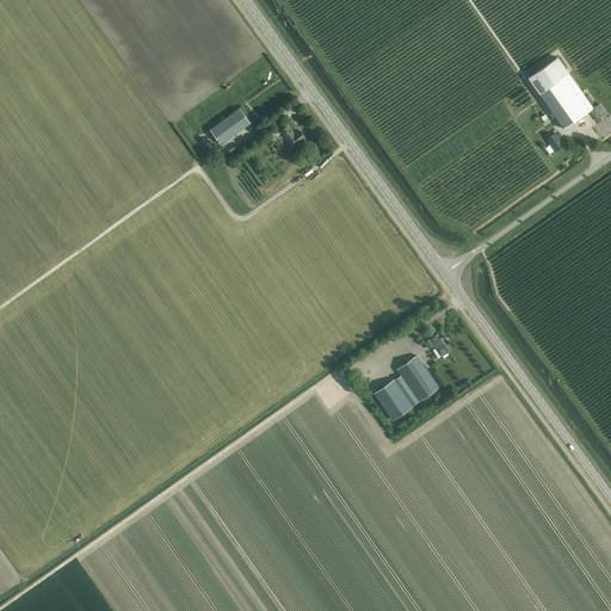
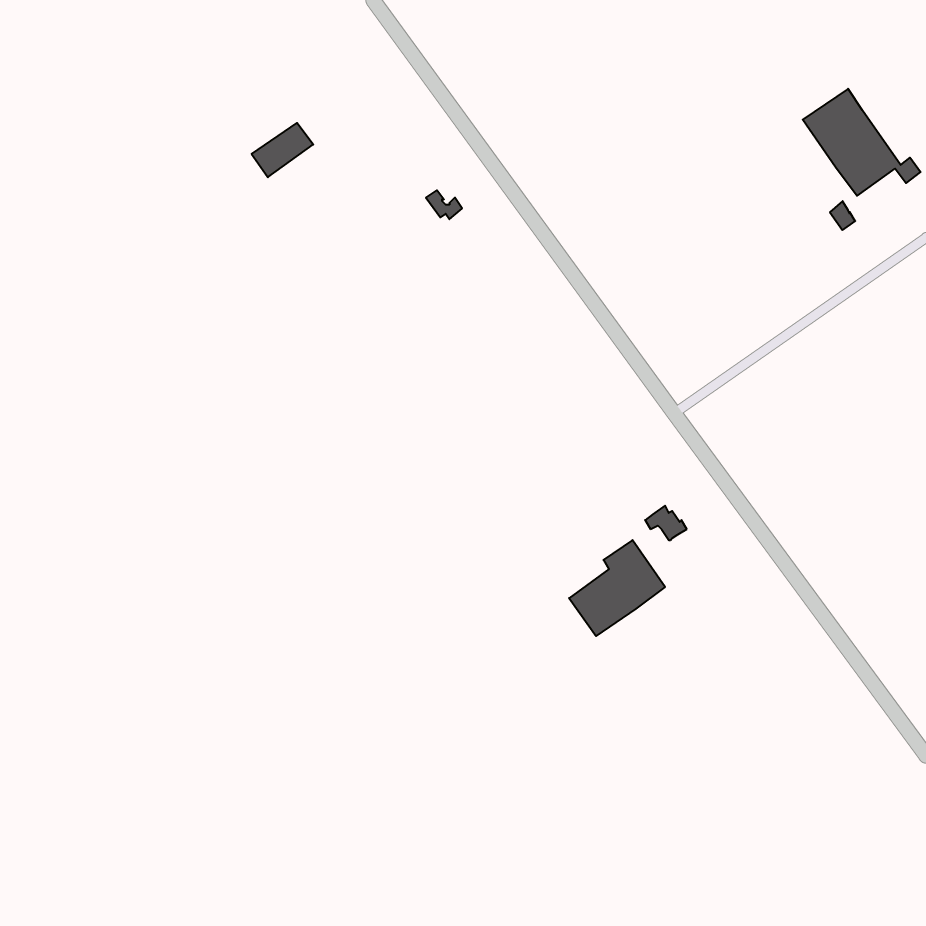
building: [210,109,251,144] -> [252,123,313,177]

